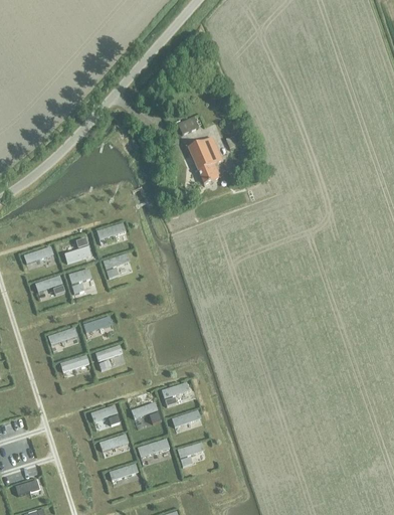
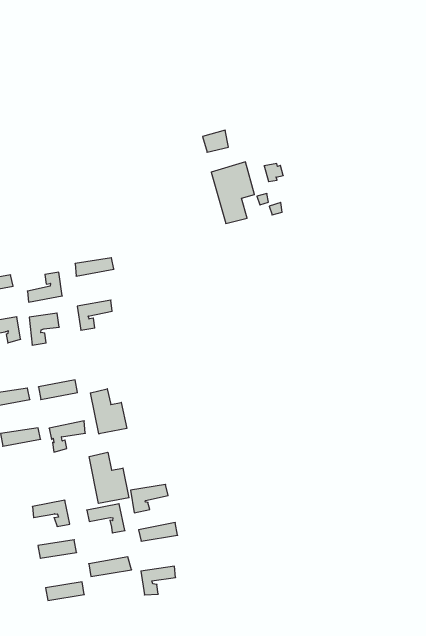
building: none -> [90,389,127,434]
building: none -> [89,452,129,503]

